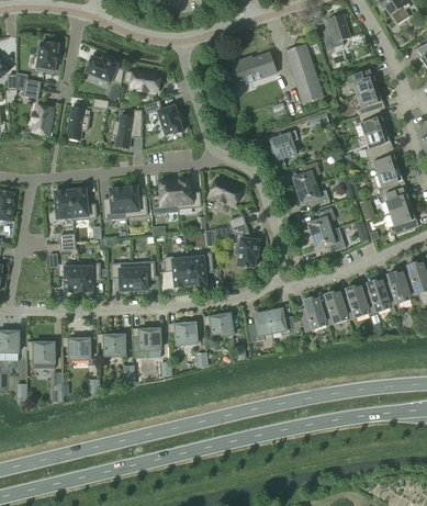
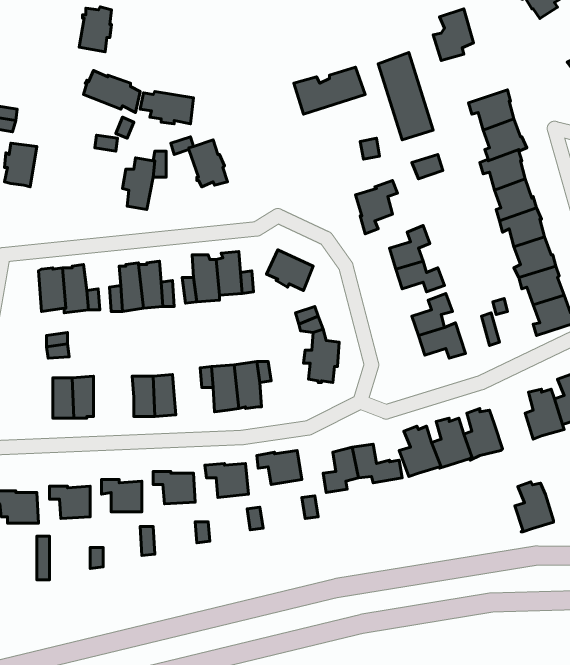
building: [36,41,58,71] -> [79,7,112,52]
building: [67,105,89,139] -> none
building: [364,279,391,313] -> [515,482,553,532]

